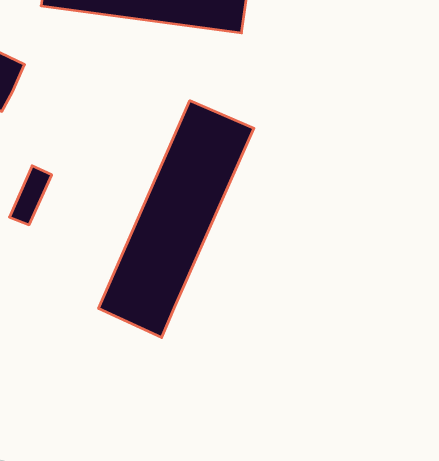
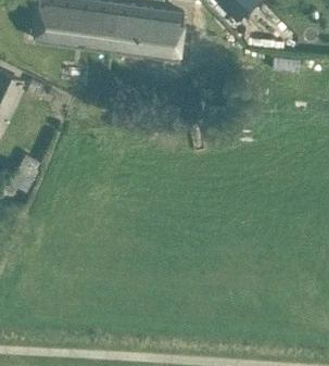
building: [99,101,254,338] -> none

